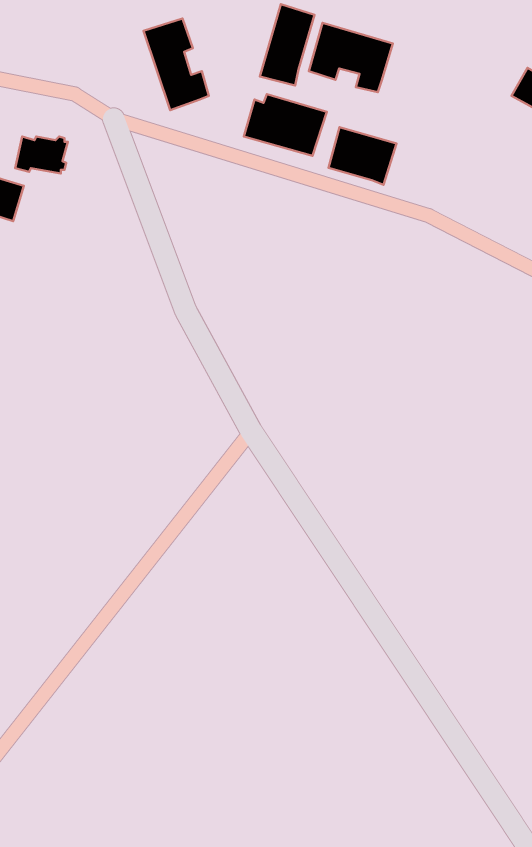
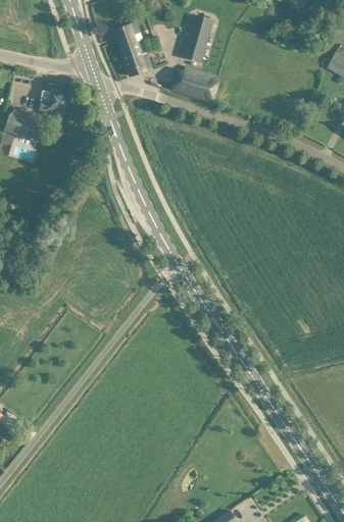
building: [309,23,393,92] -> none
building: [329,127,397,185] -> none

